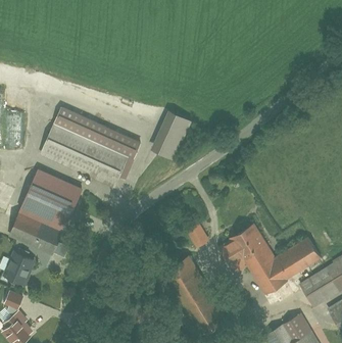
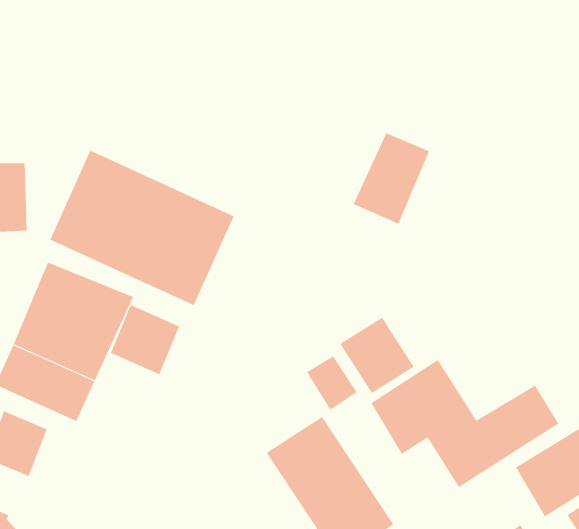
building: [150,108,193,159] -> [353,133,430,224]
building: none -> [110,304,180,375]
building: none -> [339,317,415,394]

